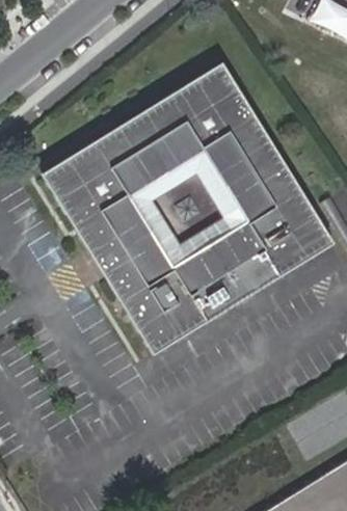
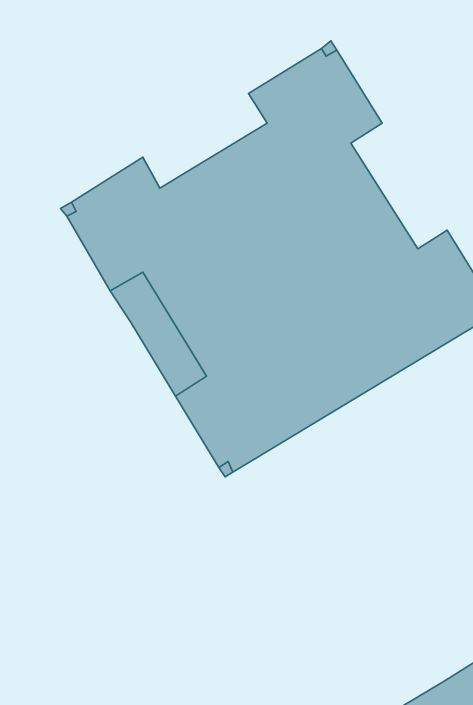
building: [97,97,180,160] -> none
building: [236,116,300,200] -> none

